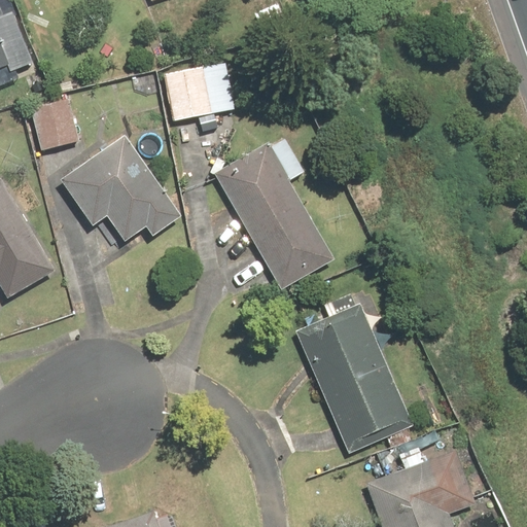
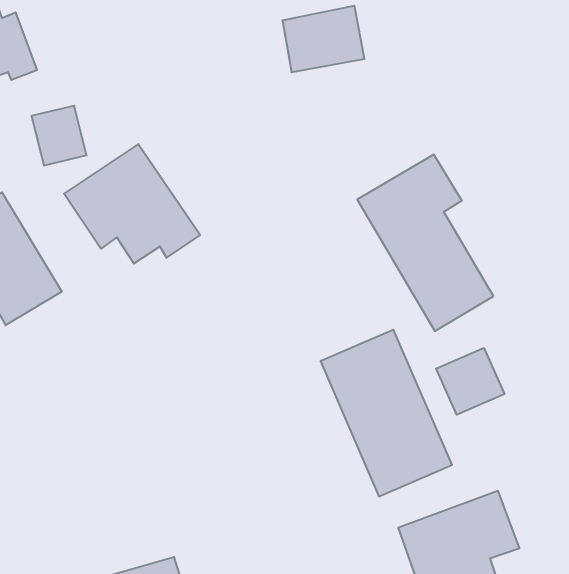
building: [161,62,236,122] -> [282,6,365,72]
building: [210,131,335,292] -> [357,154,493,331]
building: none -> [436,348,504,415]

